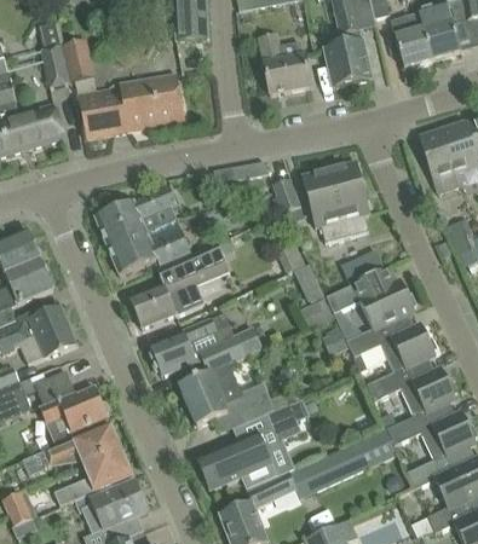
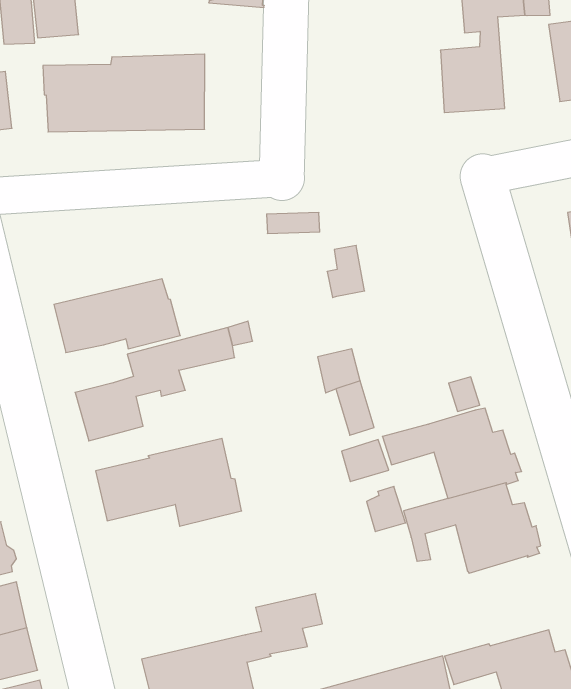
building: [258,33,311,93] -> none
building: [301,161,370,241] -> none
building: [94,185,177,244] -> none
building: [367,355,456,416] -> none
building: [179,363,289,424] -> none

